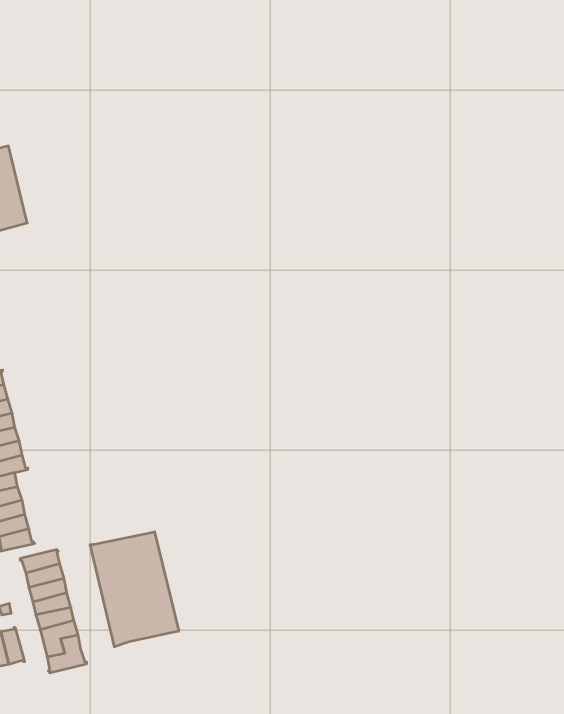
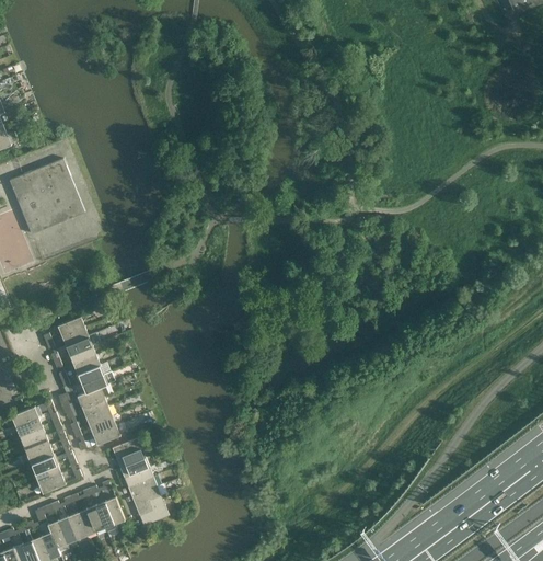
building: [90,532,179,647] -> none

